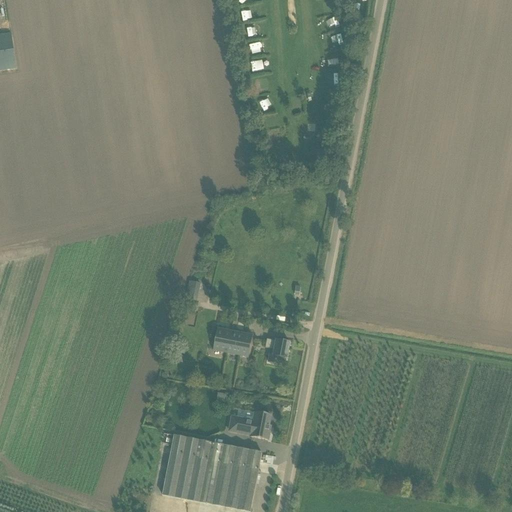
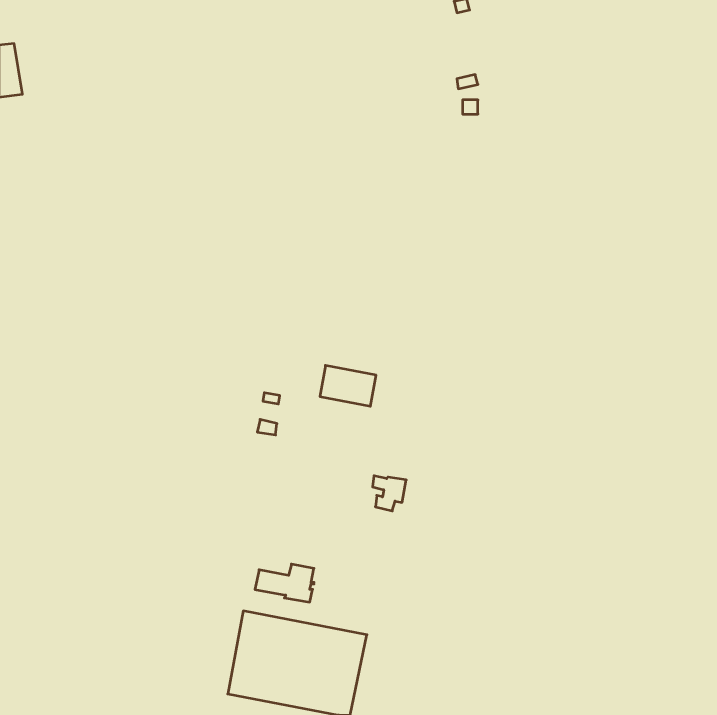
building: [212,327,252,356] -> [320,365,376,406]
building: [228,411,270,438] -> [255,564,314,602]

